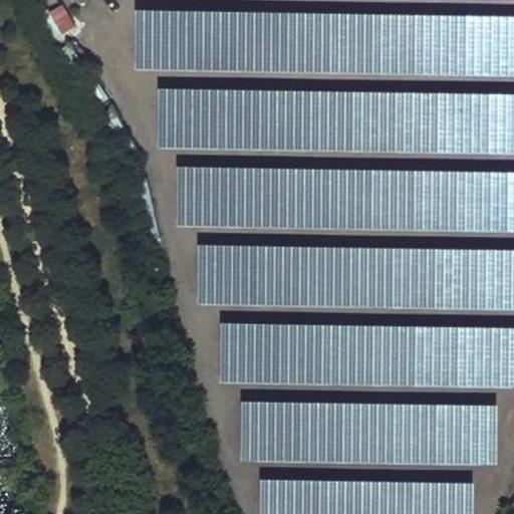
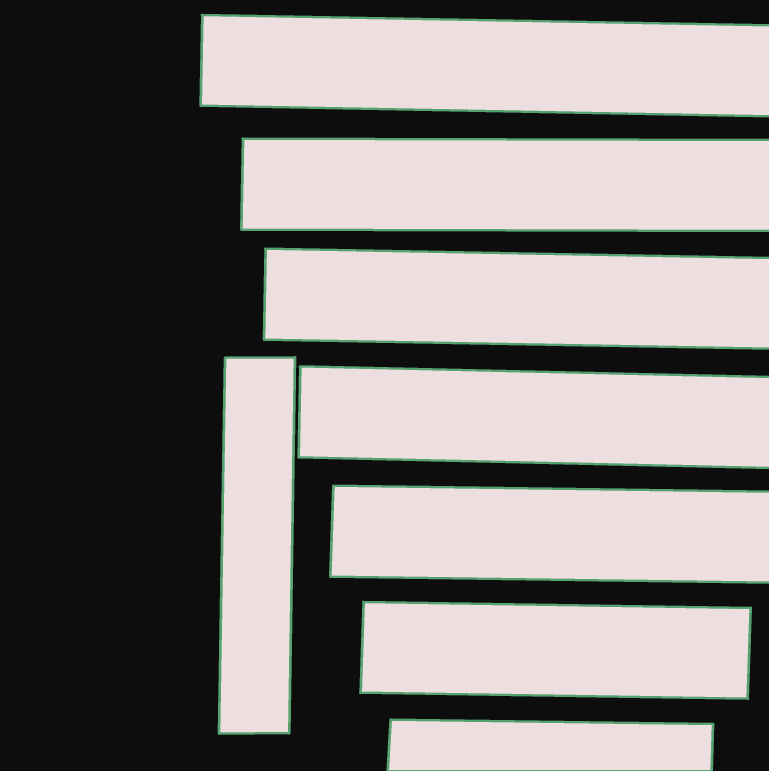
building: none -> [219,357,295,734]

